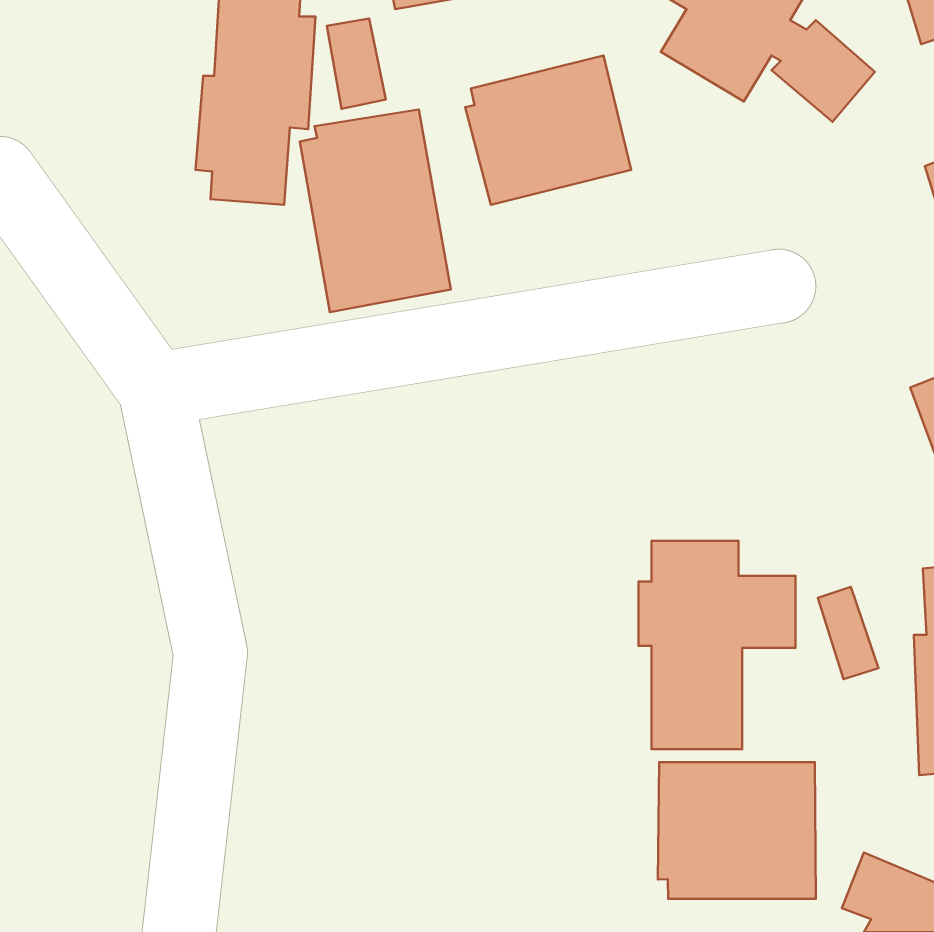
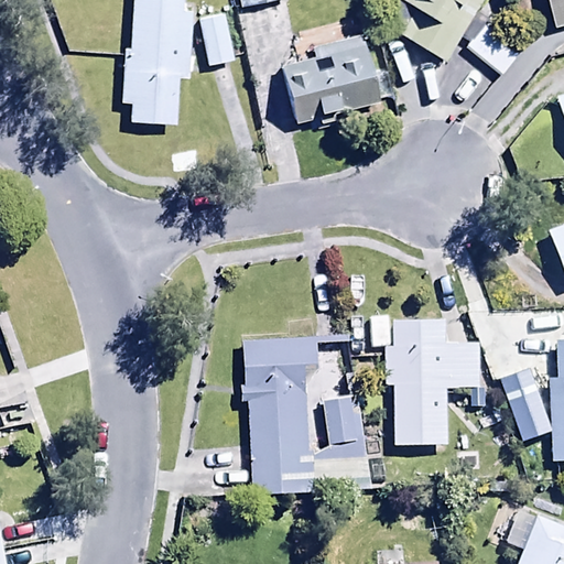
building: [300,109,451,312] -> none
building: none -> [243,334,371,494]
building: [658,762,816,899] -> none

